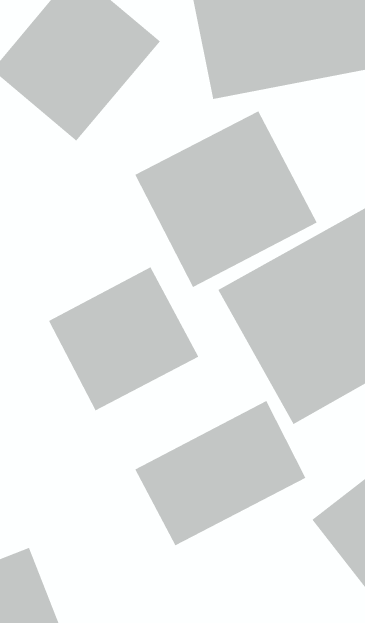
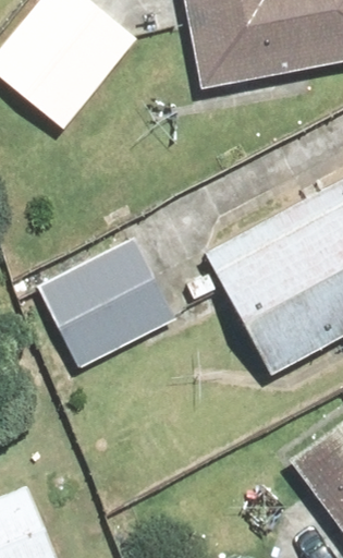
building: [135,110,318,288] -> none
building: [134,400,306,546] -> none

